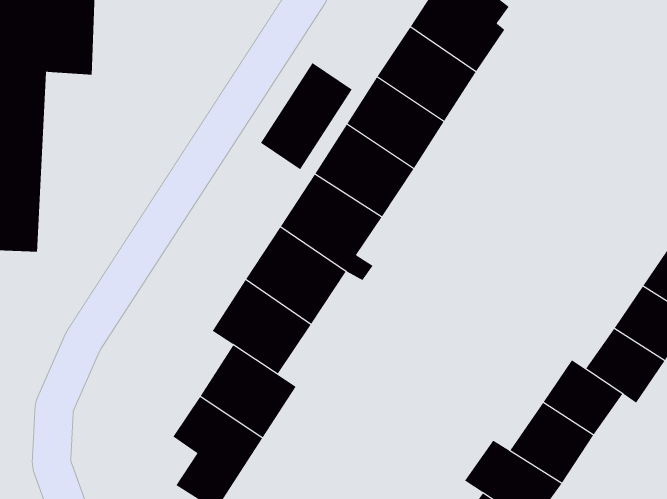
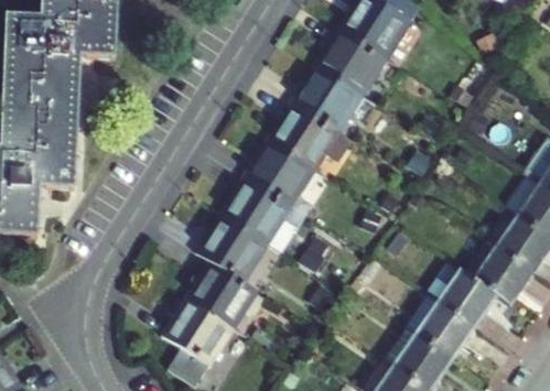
building: [260,62,352,170] -> none

